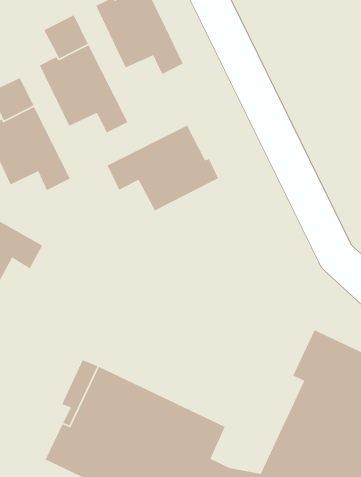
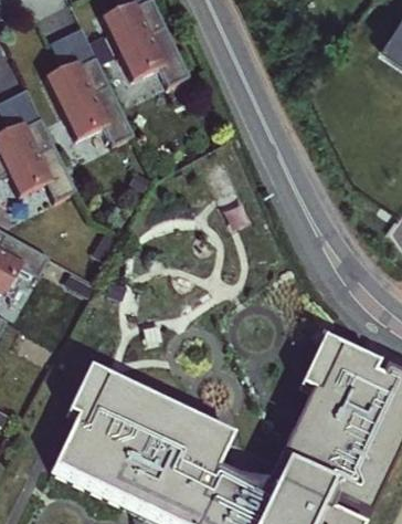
building: [106,125,219,211] -> none

